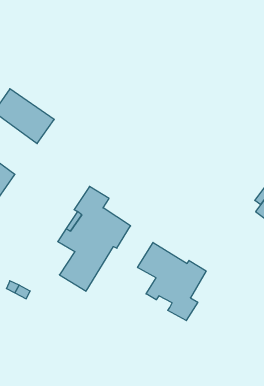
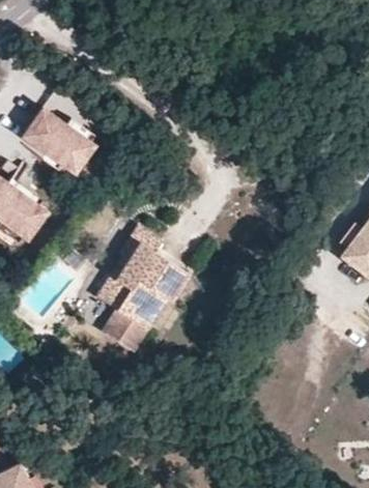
building: [138,242,206,321] -> none

